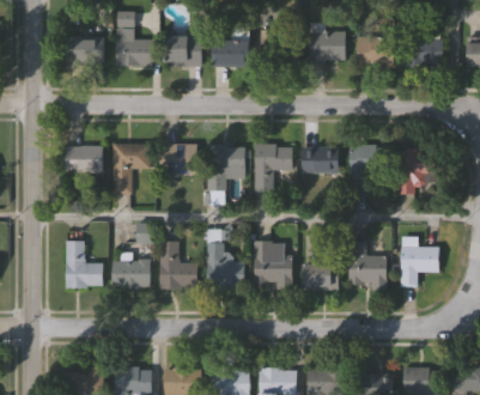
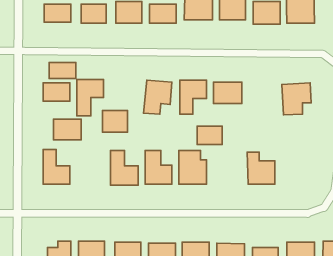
building: none -> [49,63,76,78]
building: [162,144,196,174] -> [102,111,128,132]
building: [353,144,383,177] -> none
building: [401,245,439,286] -> none
building: [111,259,150,287] -> [53,119,81,140]
building: [303,263,338,288] -> [197,126,222,144]

